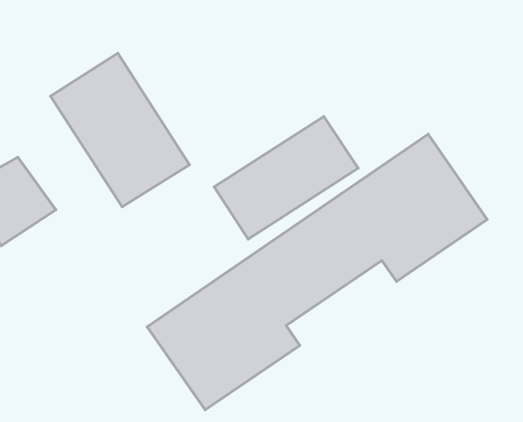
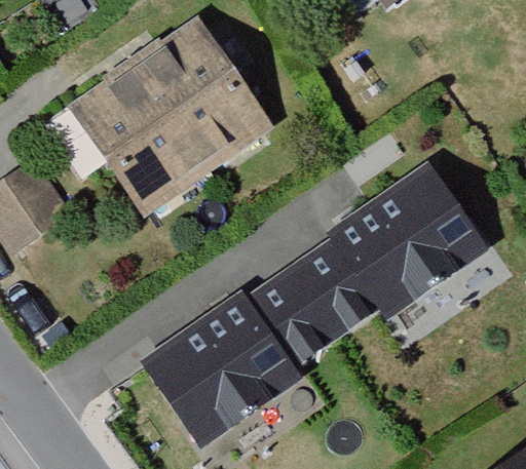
building: none -> [128,37,265,188]
building: [214,117,358,239] -> none

